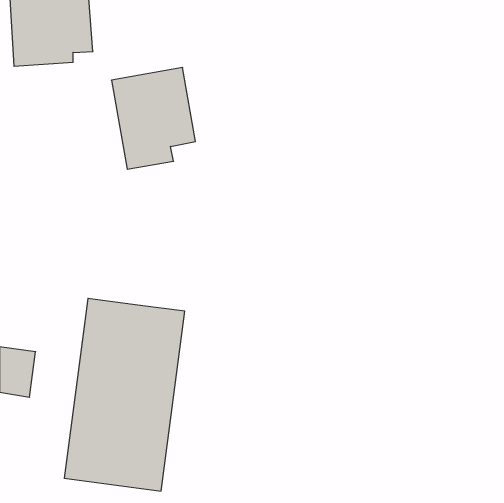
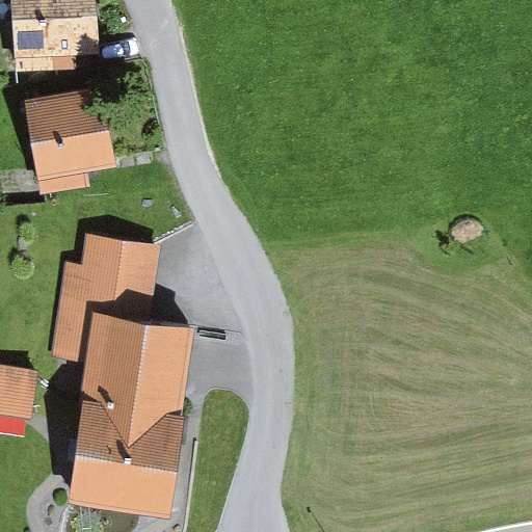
building: [111,67,195,169] -> [24,85,112,192]
building: none -> [51,235,159,360]

